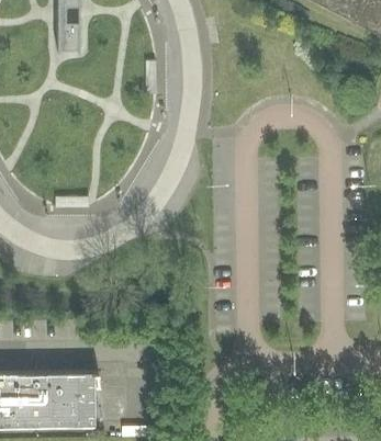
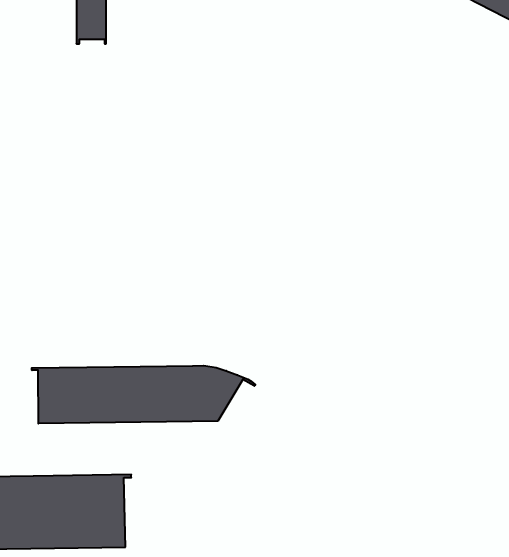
building: none -> [32,366,255,424]

